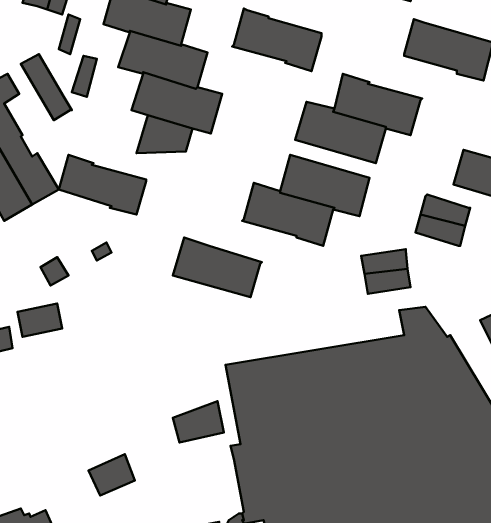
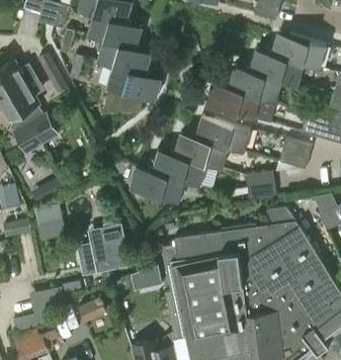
building: [232,8,321,71] -> [249,48,304,86]
building: [59,155,146,214] -> [152,149,205,185]
building: none -> [76,224,130,276]

